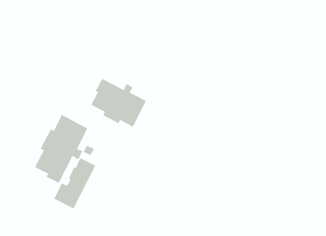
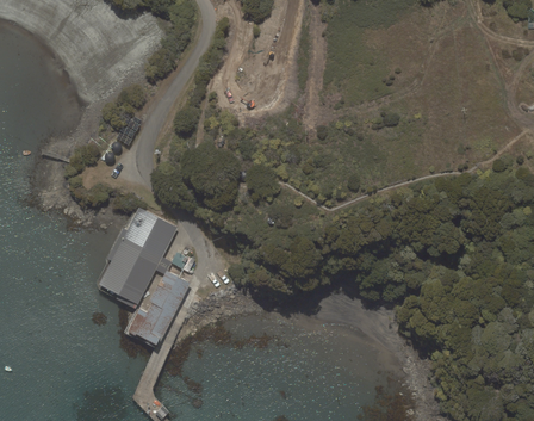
building: [91,78,147,128] -> none

